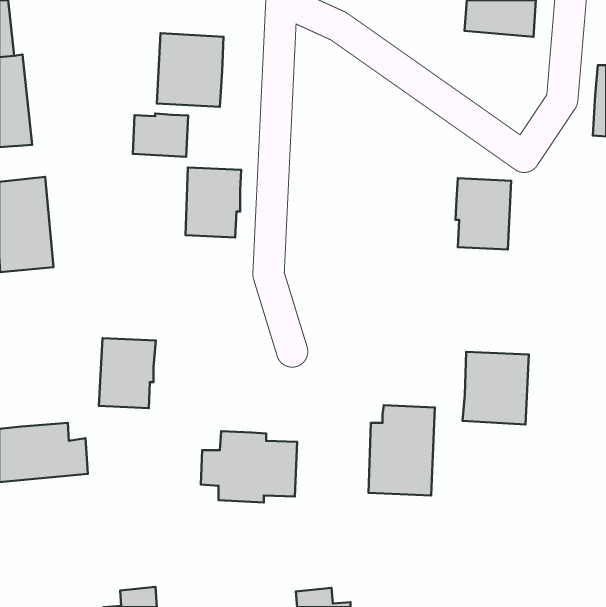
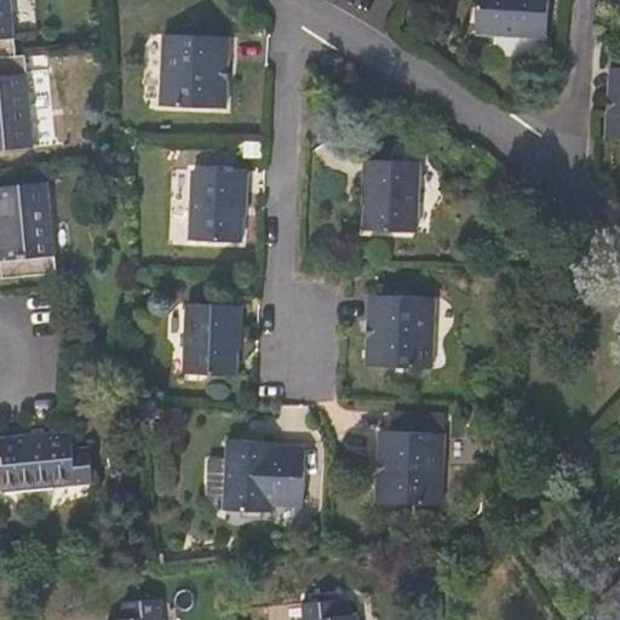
building: [133,113,188,157] -> none
building: [455,178,511,250] -> [362,160,419,232]
building: [99,338,156,408] -> [183,304,241,375]
building: [462,352,529,424] -> [364,294,432,368]

